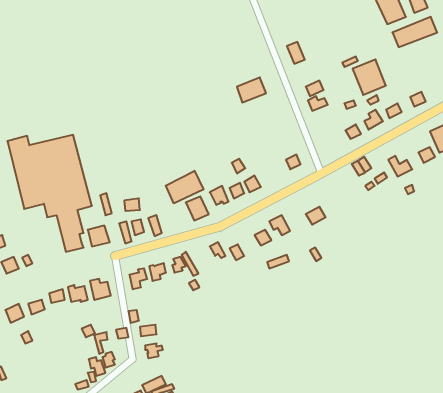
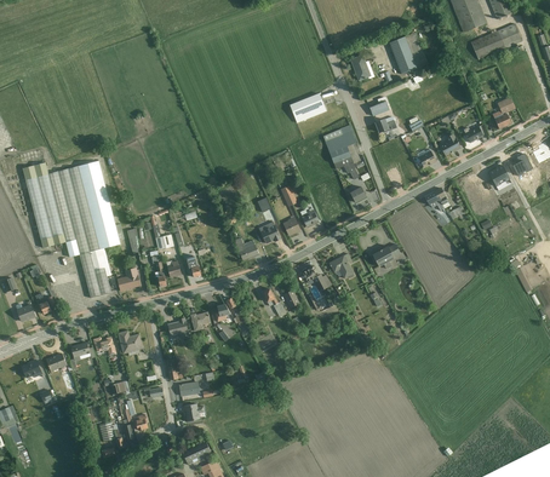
building: [353,59,386,95] -> [390,31,429,73]
building: none -> [326,127,360,180]
building: [166,171,203,203] -> none

